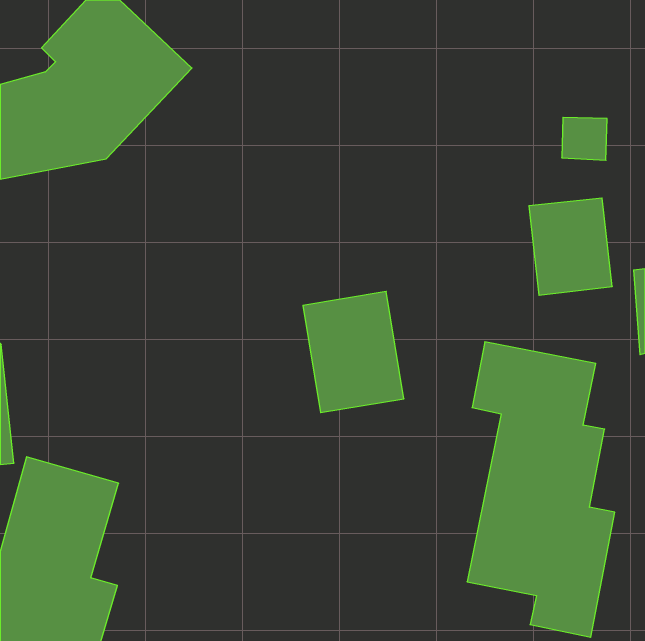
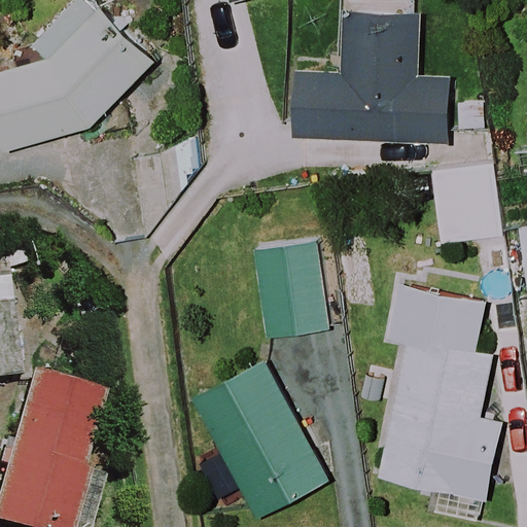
building: none -> [286,10,449,142]
building: none -> [196,362,326,518]

